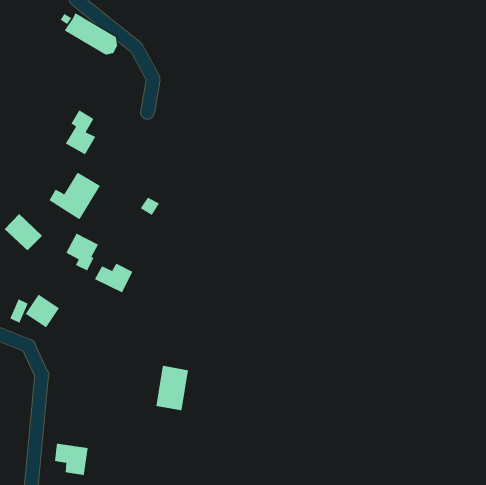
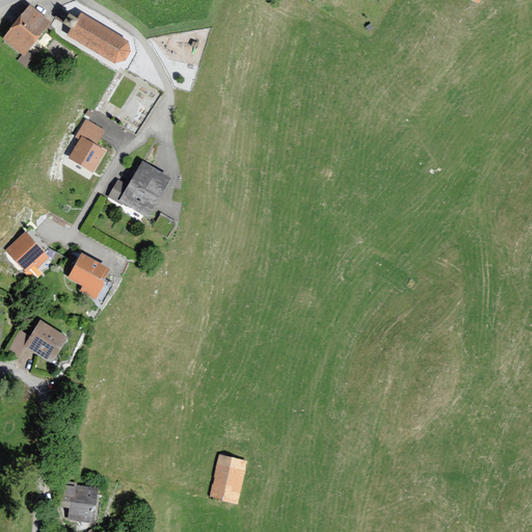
building: none -> [7,8,48,51]
building: [49,172,101,220] -> [112,163,169,216]
building: [94,263,133,293] -> none
building: [156,365,189,411] -> [209,454,245,504]

